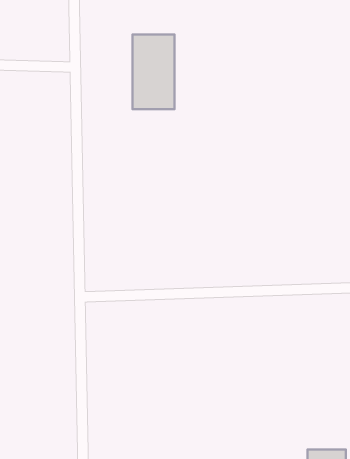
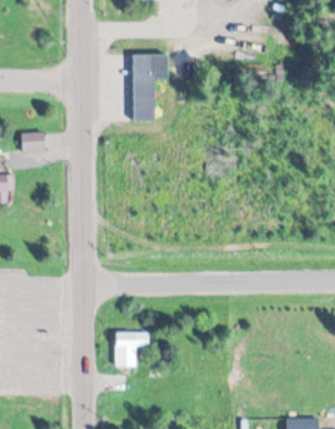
building: none -> [20,133,43,152]
building: none -> [114,333,148,367]

